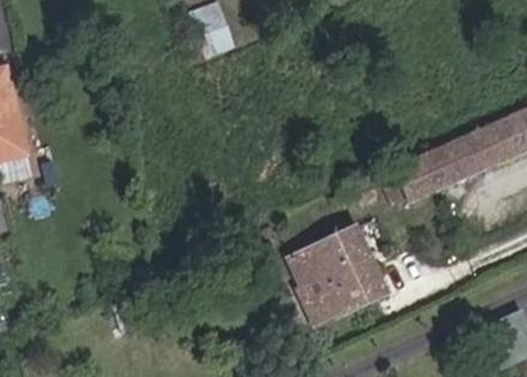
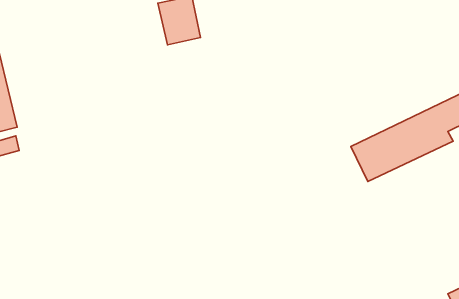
building: [296,218,389,314] -> none

